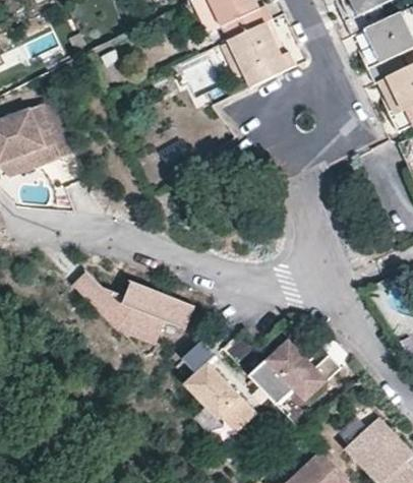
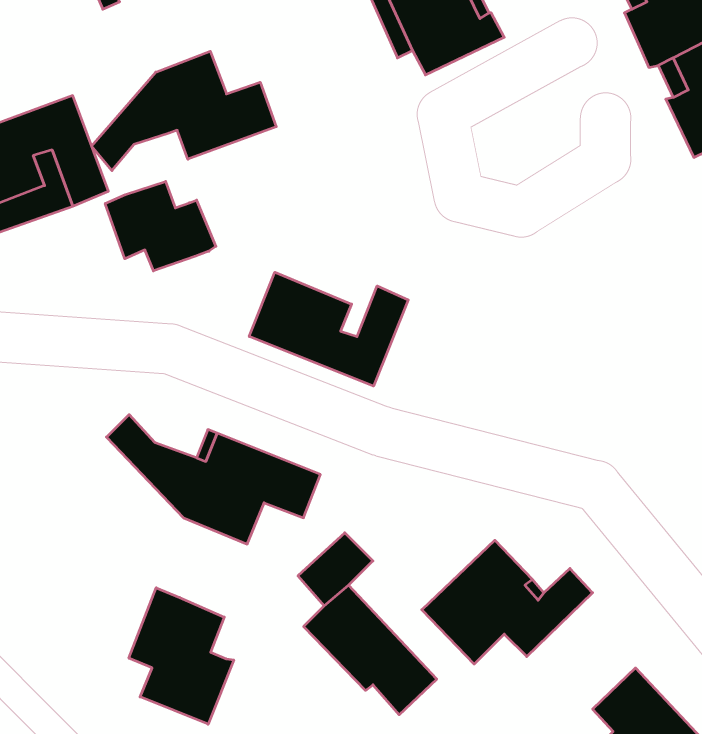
building: none -> [92,51,276,171]
building: none -> [105,181,216,271]
building: none -> [249,272,408,386]
building: none -> [129,588,234,724]

